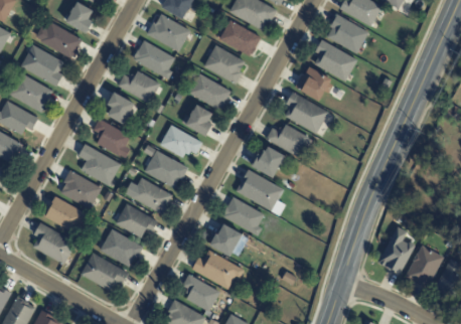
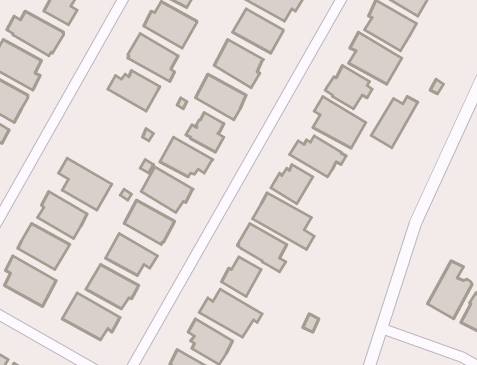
building: none -> [371,96,418,148]
building: [107,93,134,125] -> none
building: [93,118,130,158] -> none

